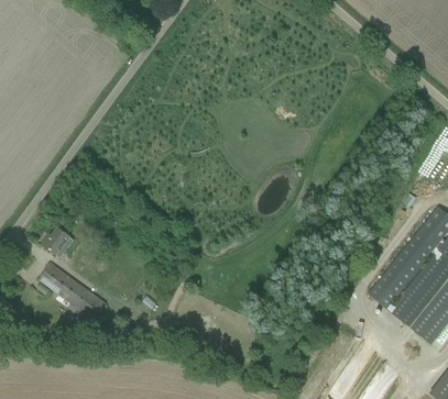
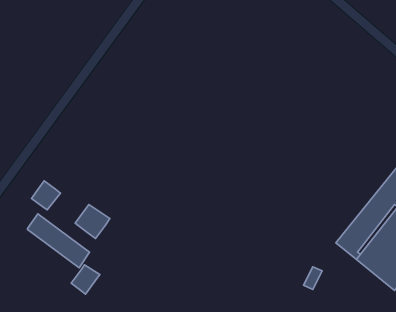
building: none -> [75,204,110,239]
building: none -> [71,265,100,294]

